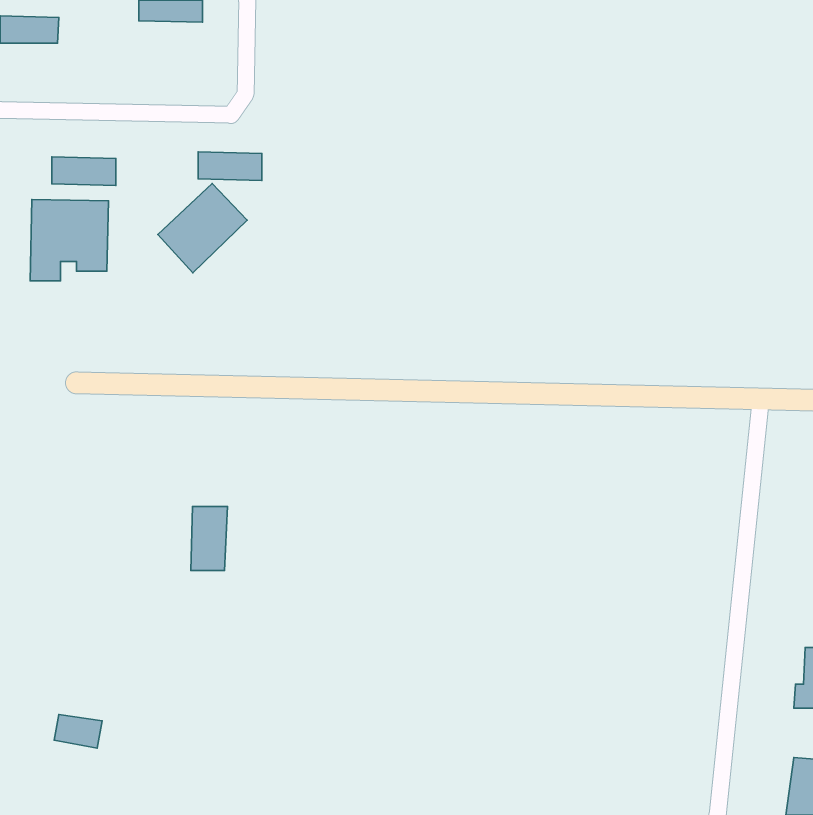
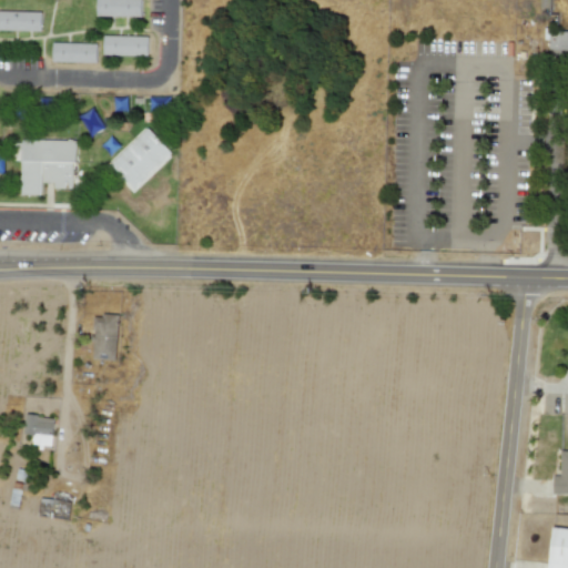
building: [198,152,262,181] -> [104,36,149,55]
building: [52,157,116,186] -> [53,42,98,62]
building: [191,507,228,570] -> [93,315,119,359]
building: none -> [24,415,54,447]

